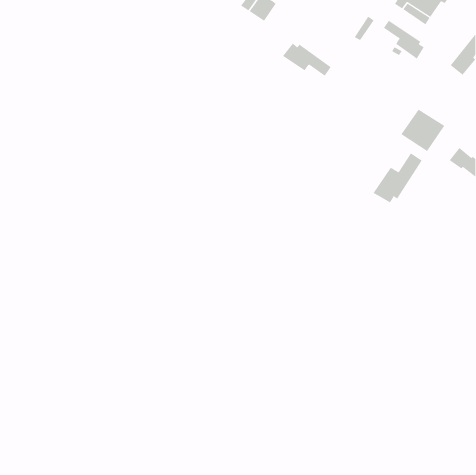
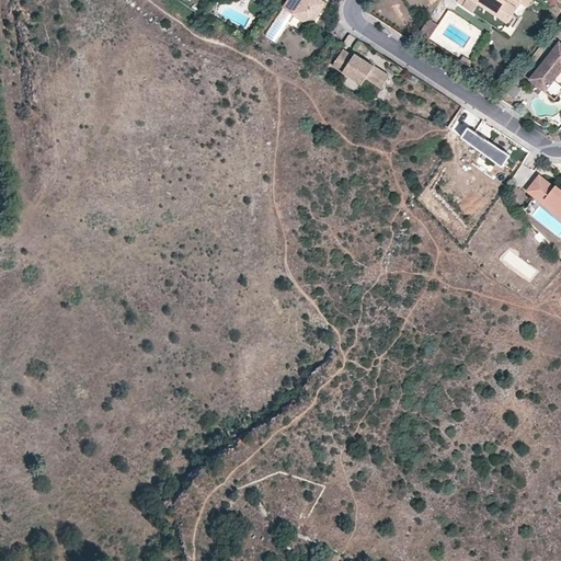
building: [383,20,424,60] -> none
building: [373,152,422,203] -> none

